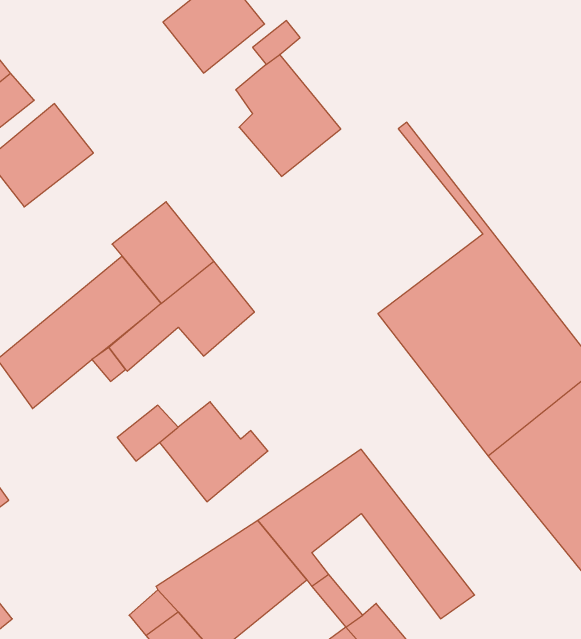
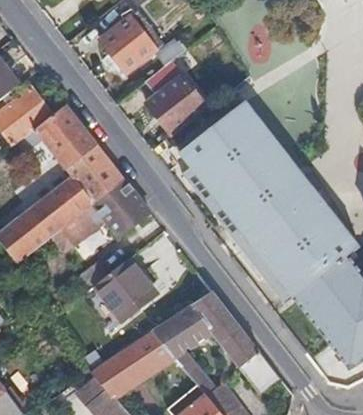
building: none -> [176,102,286,211]
building: none -> [15,106,99,170]

